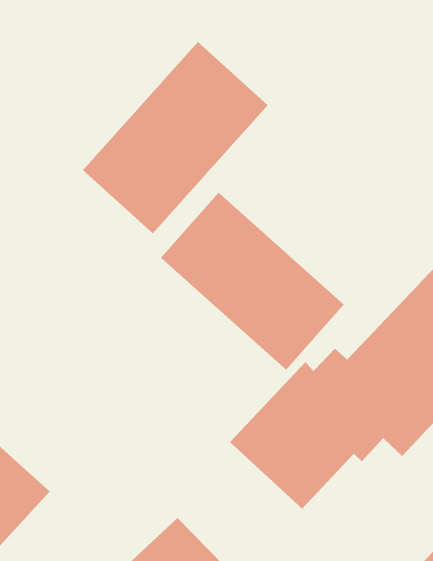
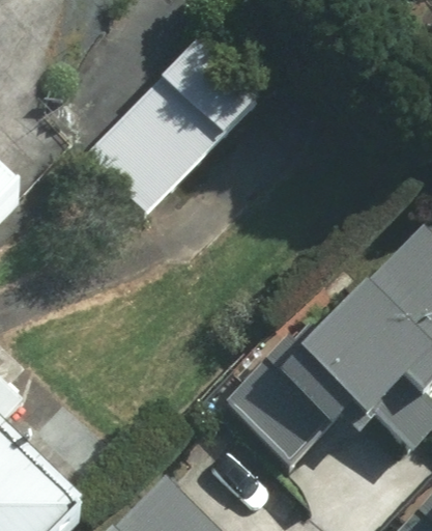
building: [160,192,345,371] -> none

